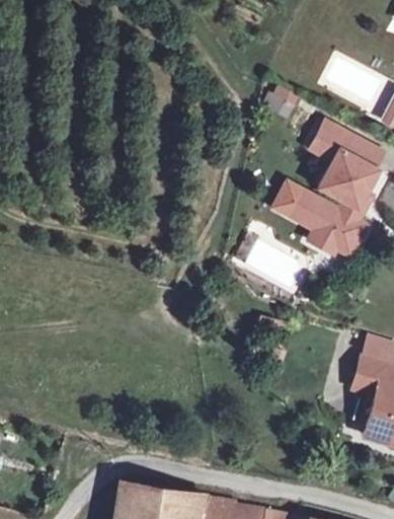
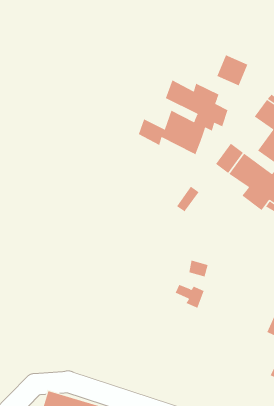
building: none -> [138,79,228,156]

